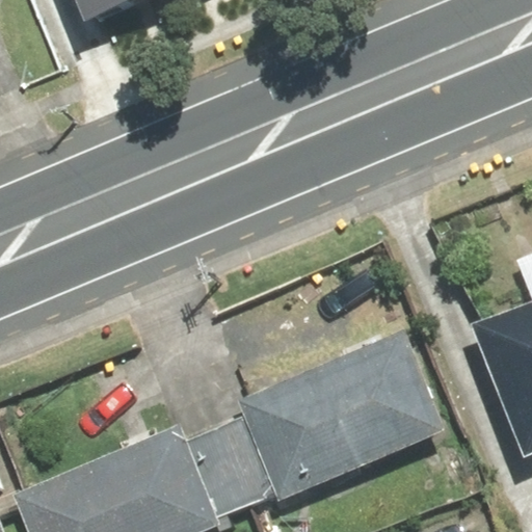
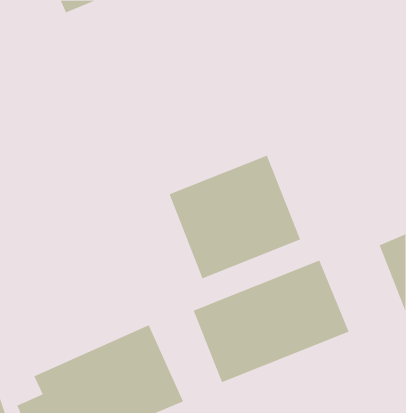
building: none -> [169,155,301,279]

